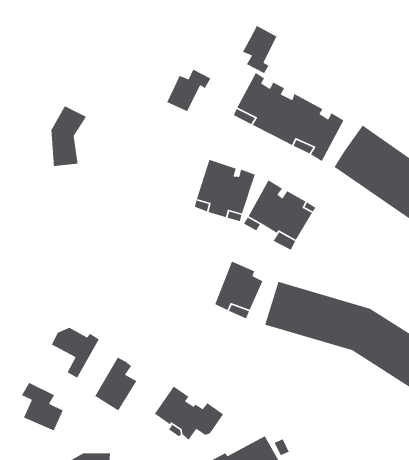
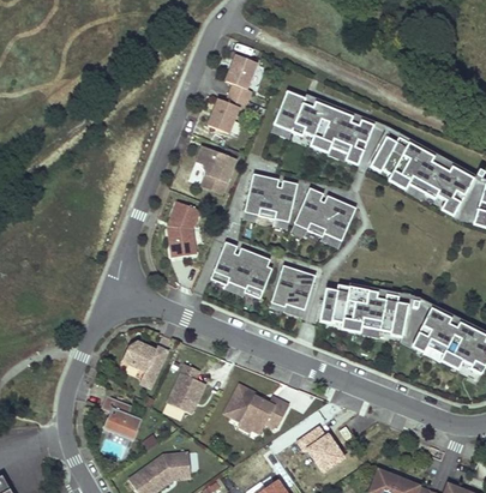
building: [242,25,277,74] -> [224,55,256,100]
building: [50,105,87,167] -> [167,202,199,259]
building: none -> [196,146,238,192]
building: none -> [210,241,271,297]

